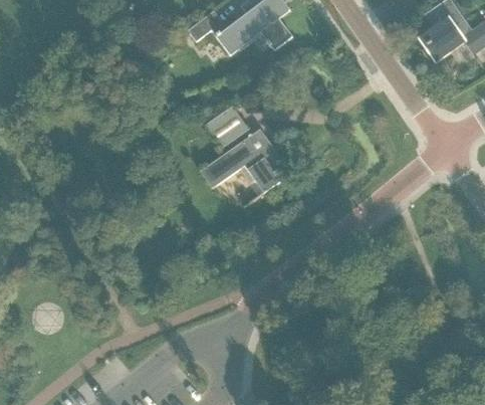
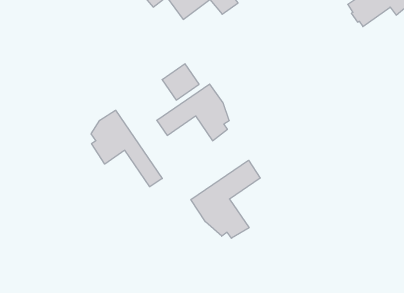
building: none -> [91,110,162,187]
building: none -> [191,160,260,238]

